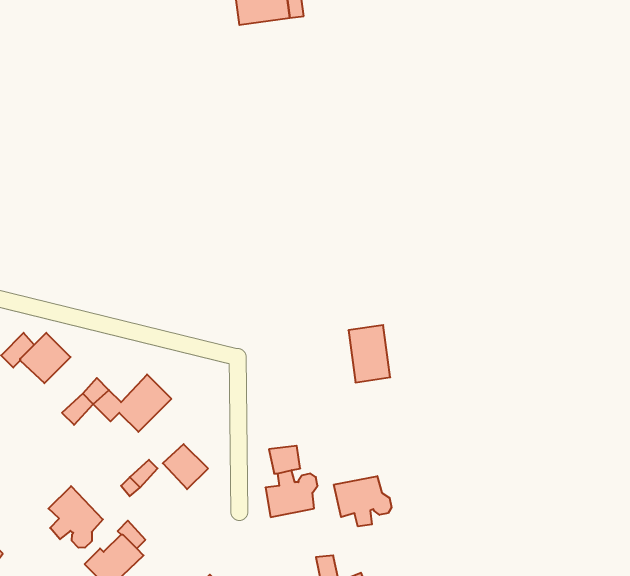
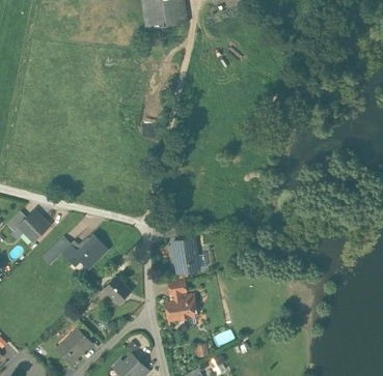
building: [348,325,390,382] -> [172,238,197,272]
building: [334,476,391,526] -> none
building: [48,486,103,548] -> none

